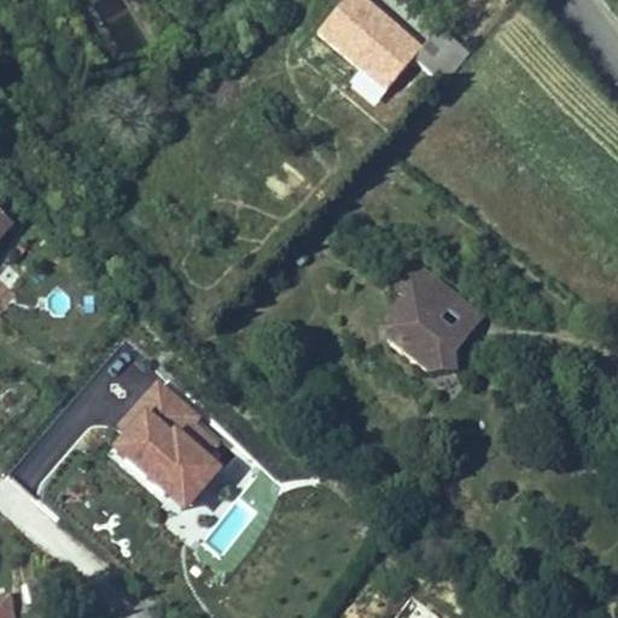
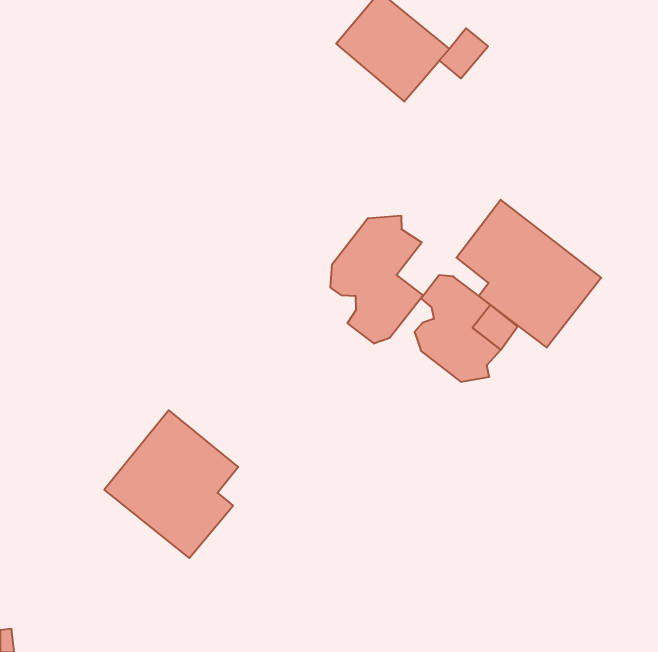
building: none -> [456,200,601,348]
building: none -> [331,216,423,344]

